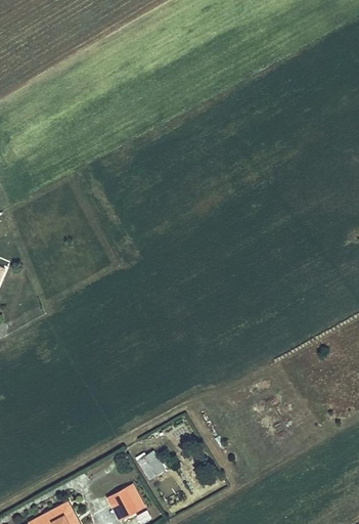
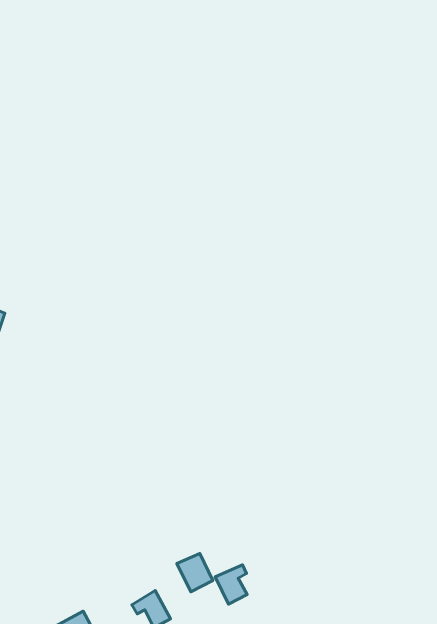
building: none -> [215,565,247,604]

